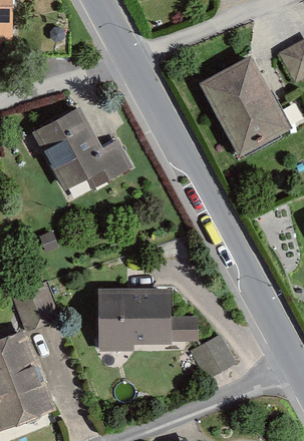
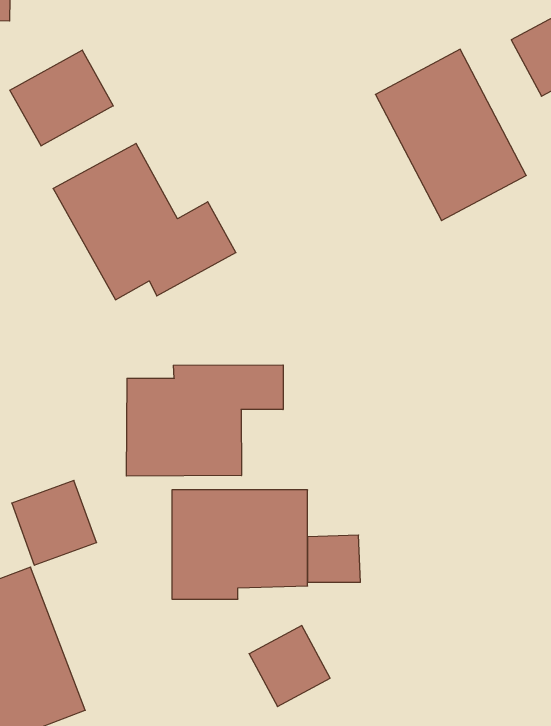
building: none -> [10,50,113,146]
building: none -> [127,365,283,476]
building: [191,335,234,378] -> [249,626,330,707]

